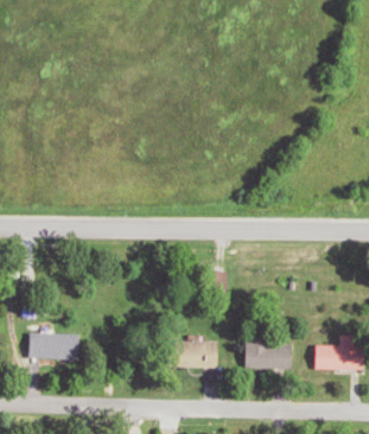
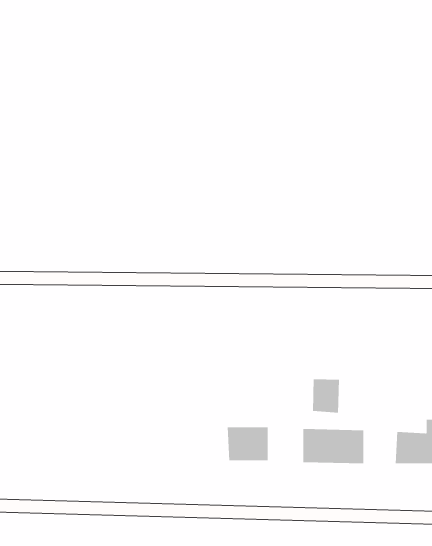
building: none -> [312,379,339,413]
building: [28,333,81,360] -> none

